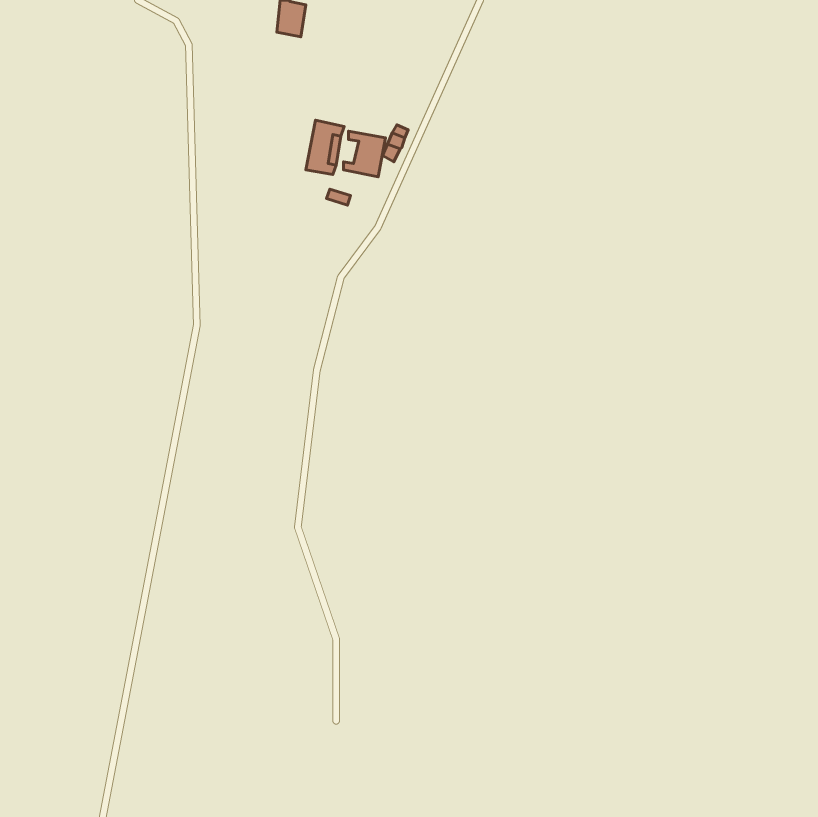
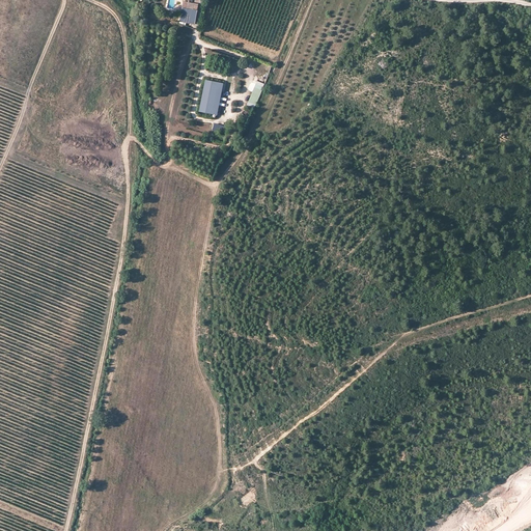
building: [343,131,386,177] -> none

